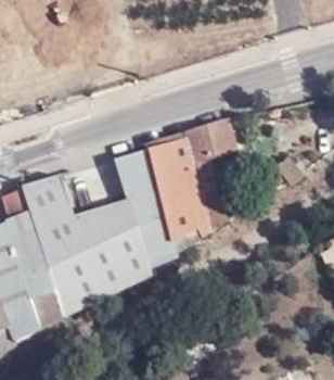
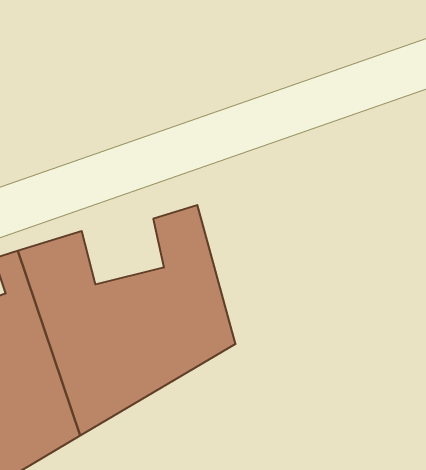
building: [140,124,229,255] -> none

